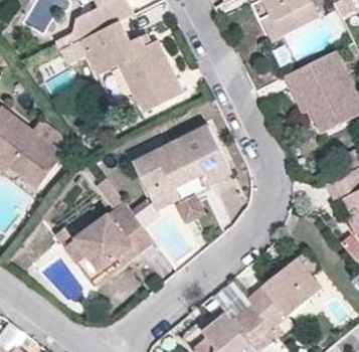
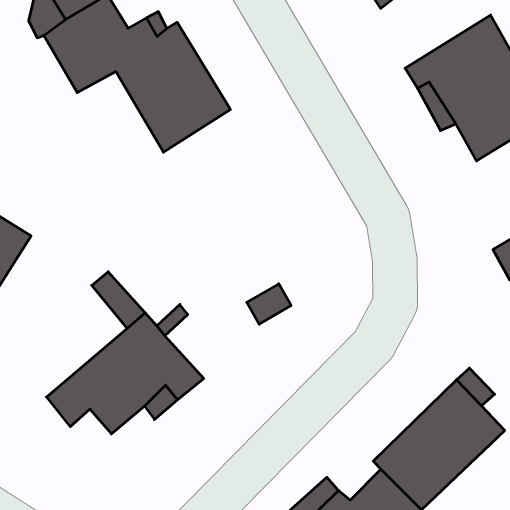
building: [133,121,232,205] -> none

